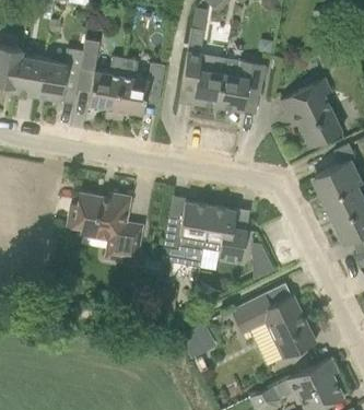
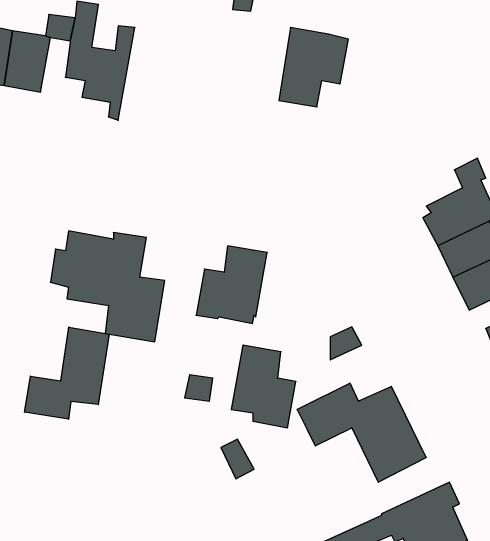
building: [183,51,226,106] -> none
building: [113,58,165,120] -> none
building: [281,79,342,148] -> none
building: [203,207,246,261] -> [231,345,296,428]
building: none -> [25,327,109,419]

